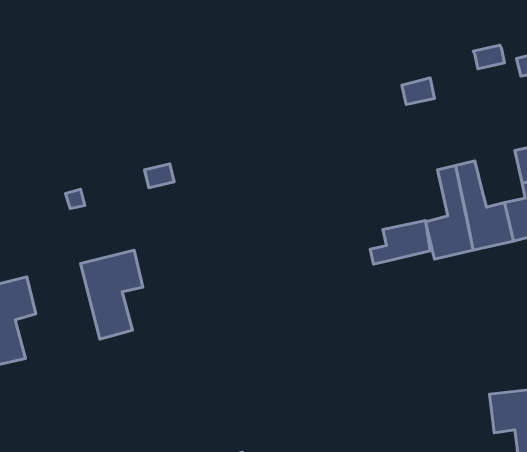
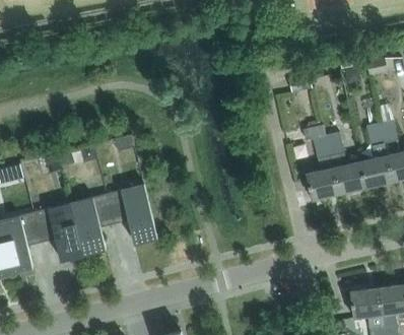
building: [370,220,430,264] -> none
building: none -> [108,185,157,242]
building: none -> [35,203,84,261]

